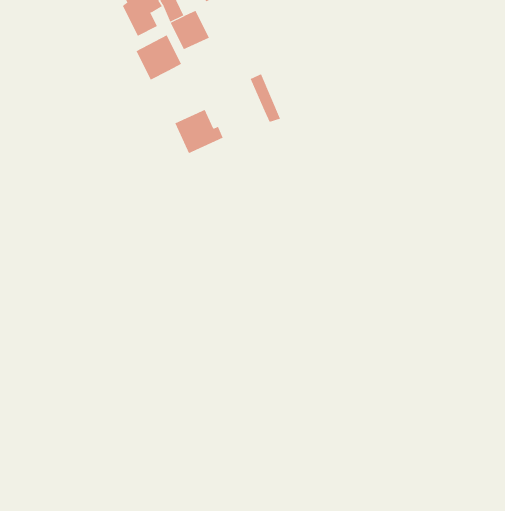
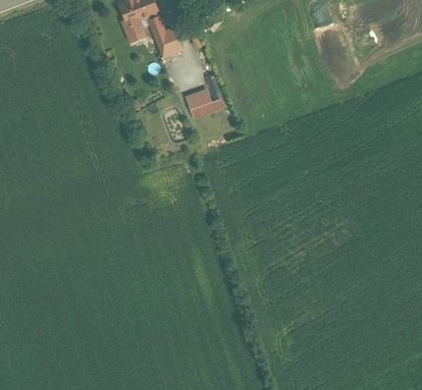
building: [136,34,182,81] -> none
building: [175,109,224,154] -> [186,89,218,118]

